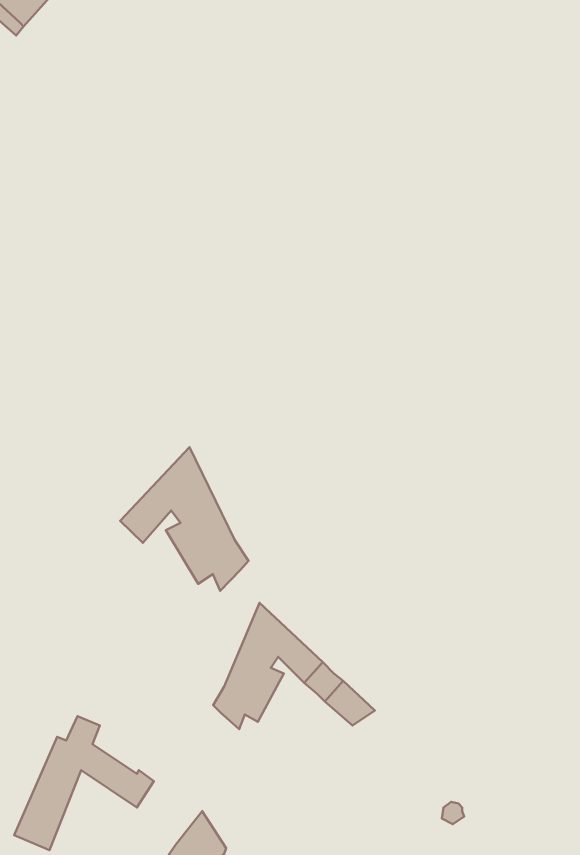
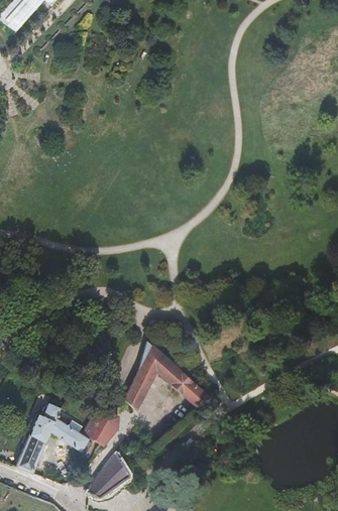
building: [120,447,249,591] -> none
building: none -> [82,402,117,444]

